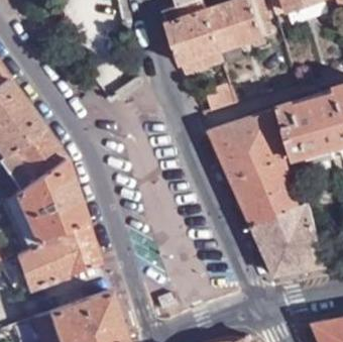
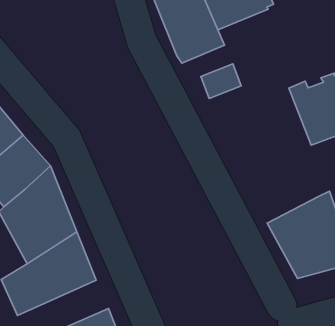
building: [208,109,298,224] -> none

